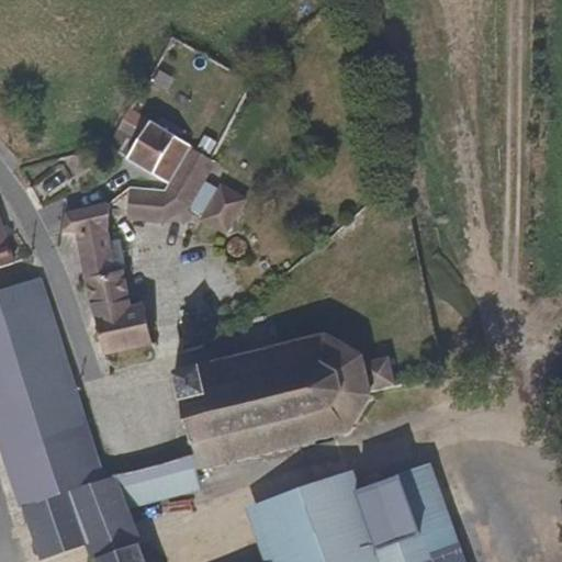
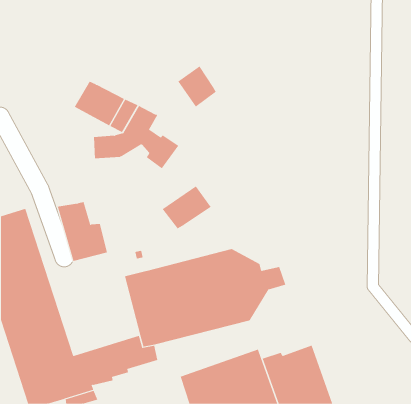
building: none -> [178,66,217,108]
building: [61,202,109,280] -> none
building: none -> [162,185,211,229]

